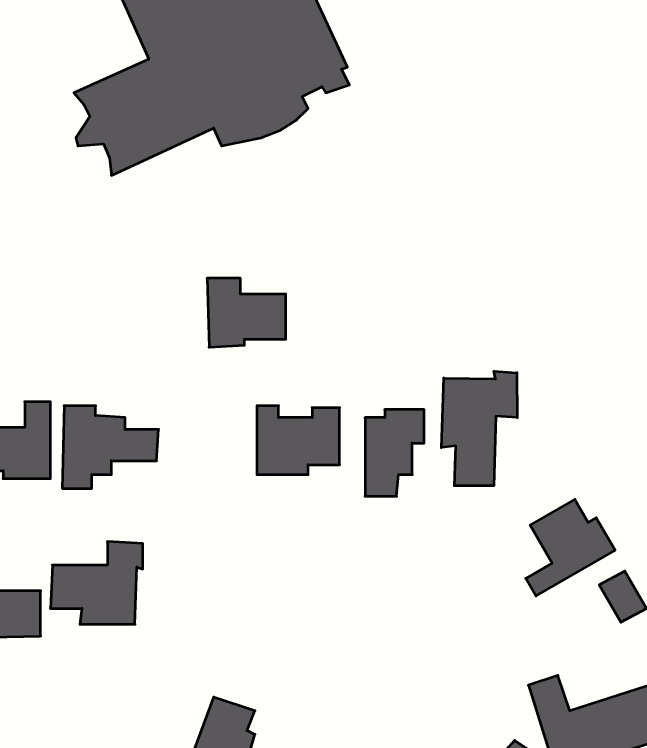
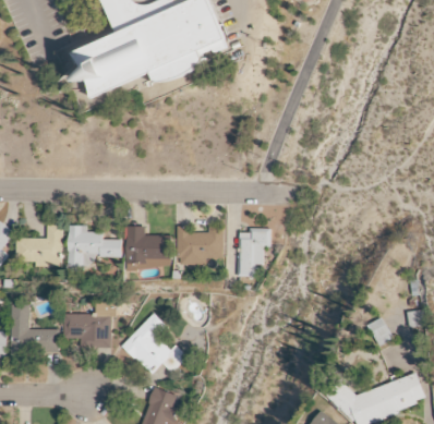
building: [207,278,286,347] -> [125,226,169,264]
building: [441,371,517,486] -> none
building: [526,499,615,596] -> none
building: none -> [120,313,186,374]

